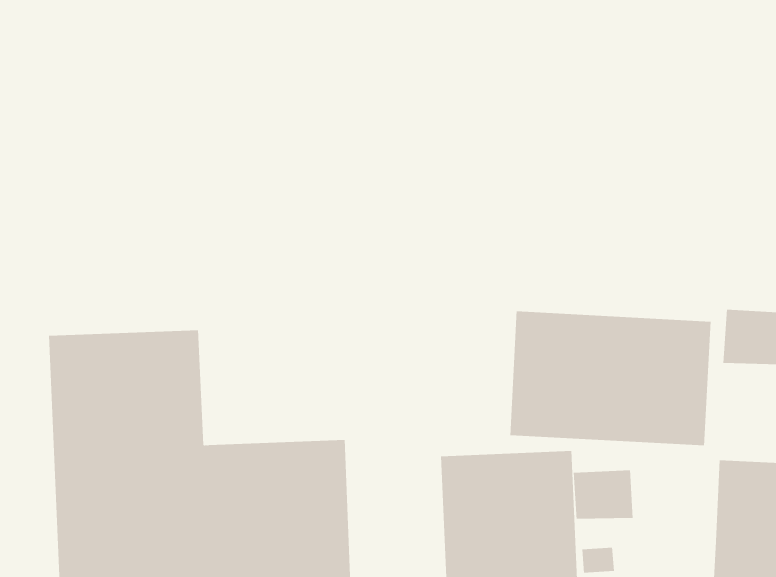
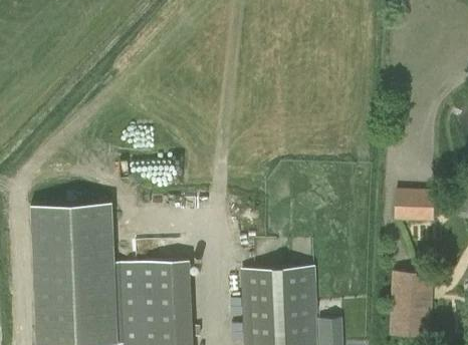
building: [510,311,711,446] -> none
building: [573,469,633,519] -> none

